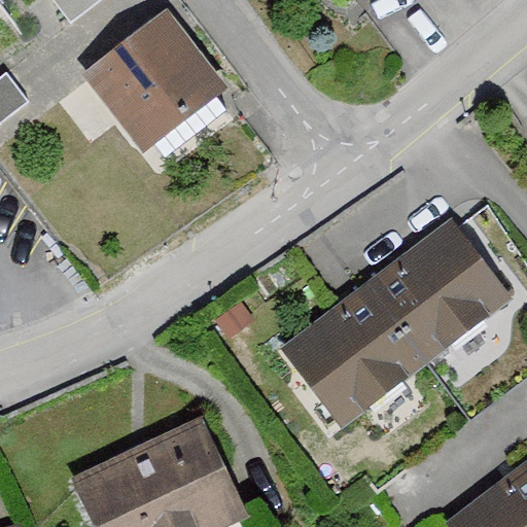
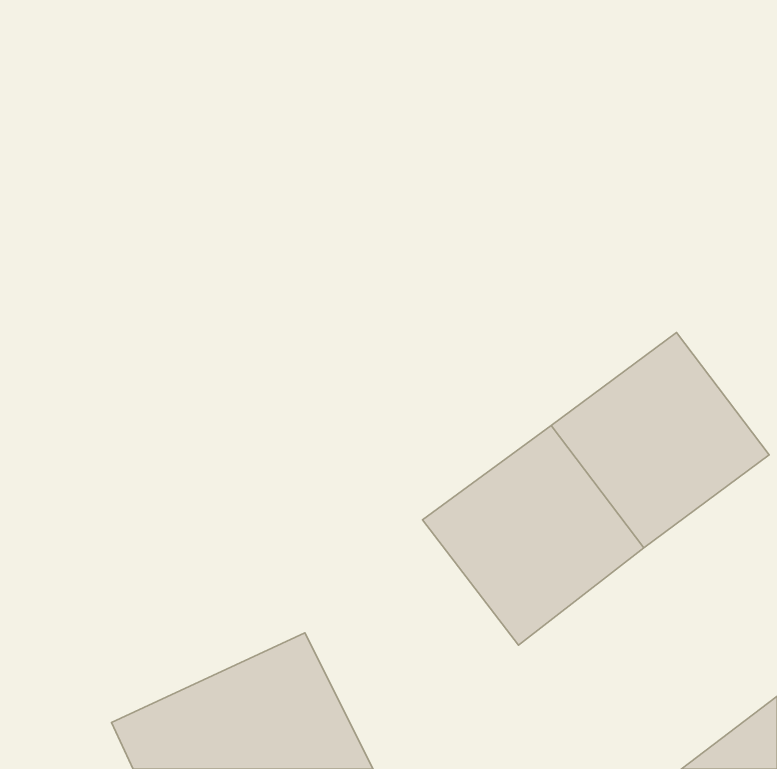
building: [84,14,221,150] -> none

